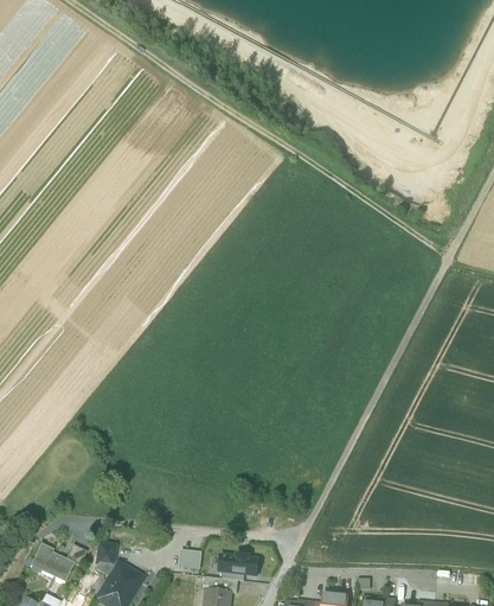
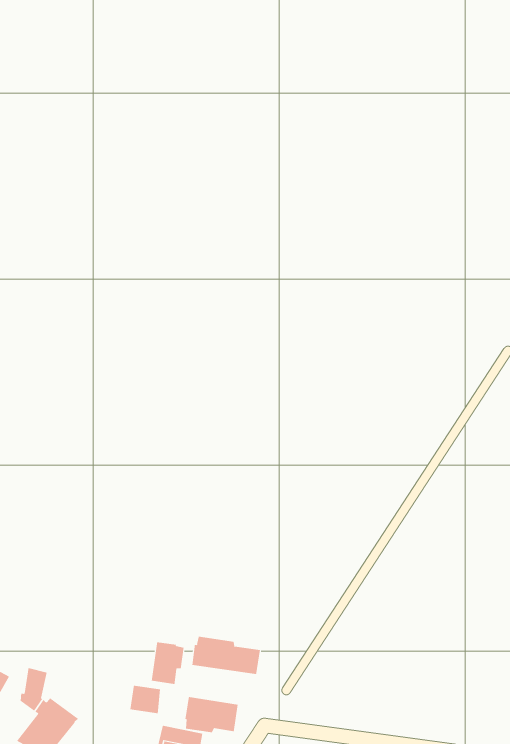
building: none -> [192,636,260,675]
building: none -> [151,642,184,685]

